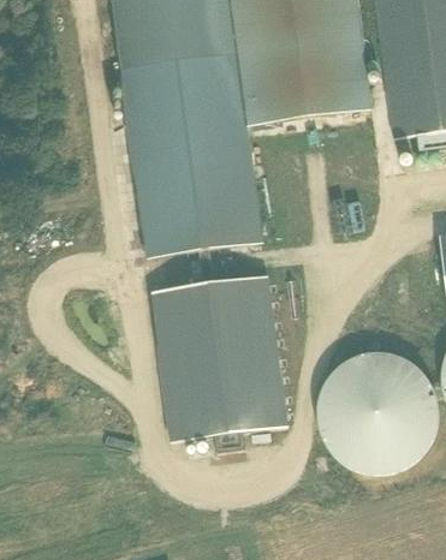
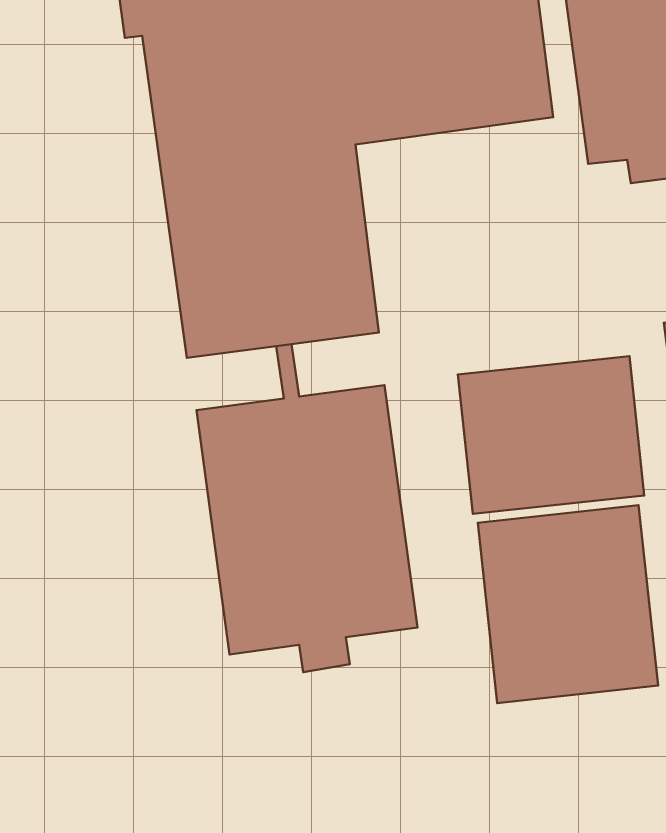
building: none -> [458,356,644,514]

